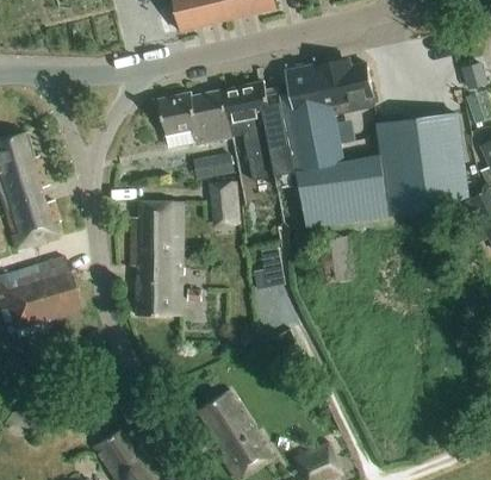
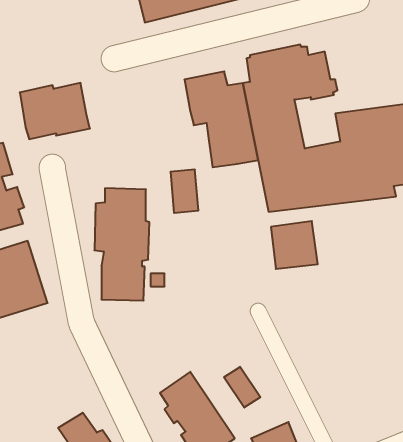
building: [160,91,231,148] -> [20,83,90,139]
building: [193,152,232,179] -> none
building: none -> [224,367,260,408]

